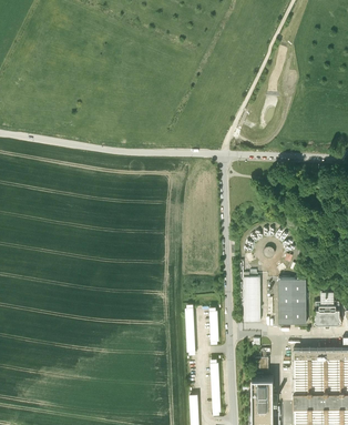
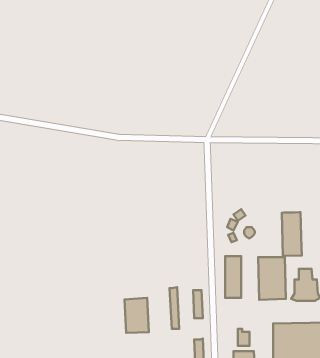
building: none -> [282,212,302,256]
building: none -> [125,298,149,333]

